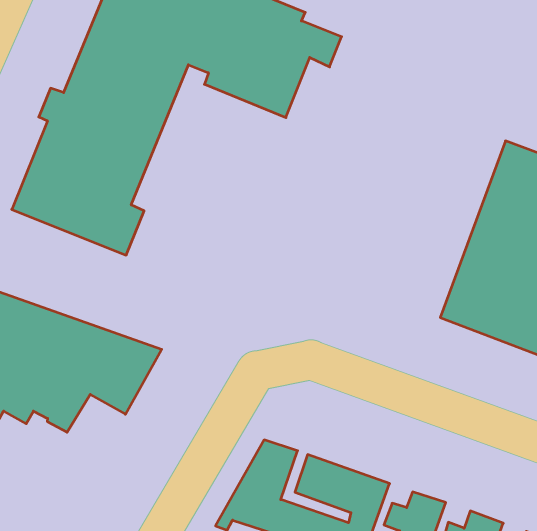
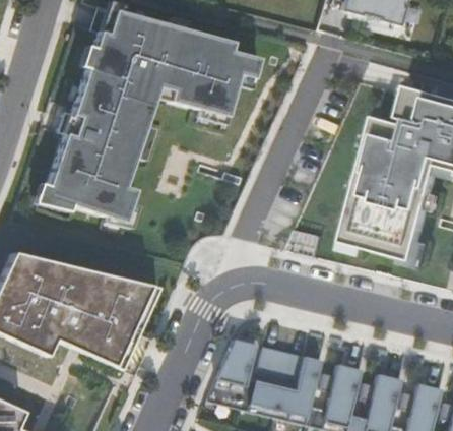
building: none -> [70,320,137,368]

